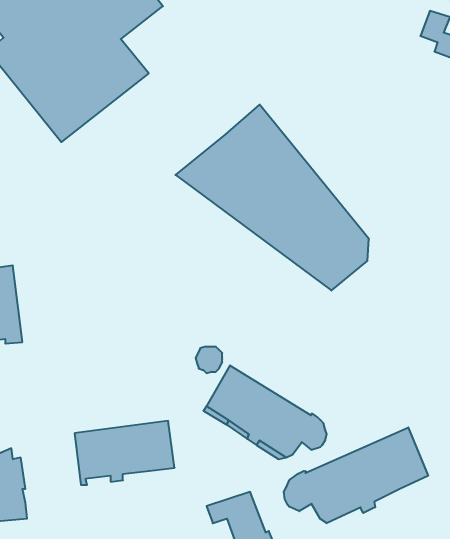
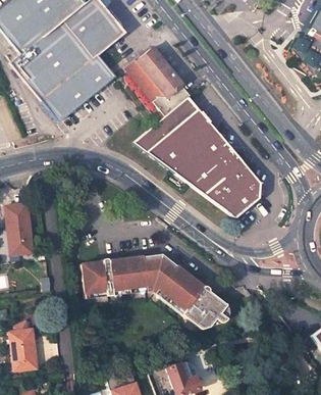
building: none -> [125,47,191,116]
building: [75,421,175,485] -> [78,253,144,295]
building: [284,427,428,523] -> none

